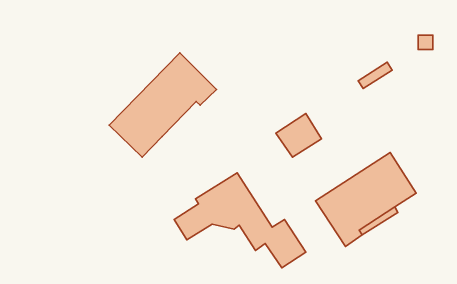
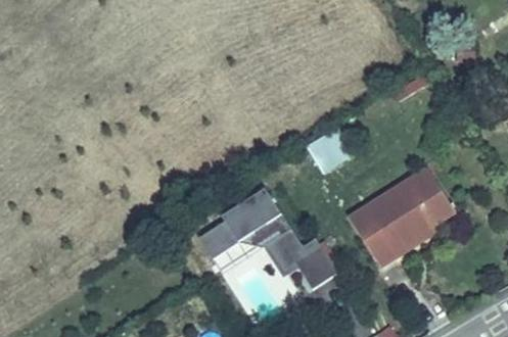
building: [109,53,217,157] -> none

